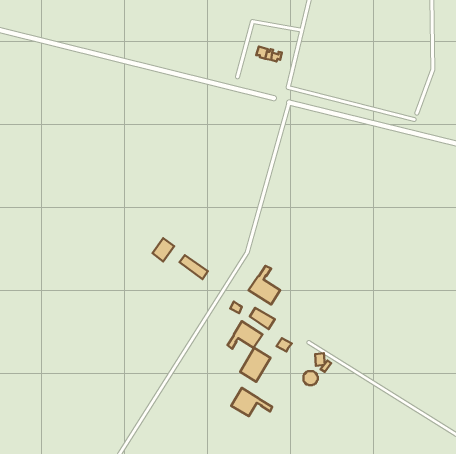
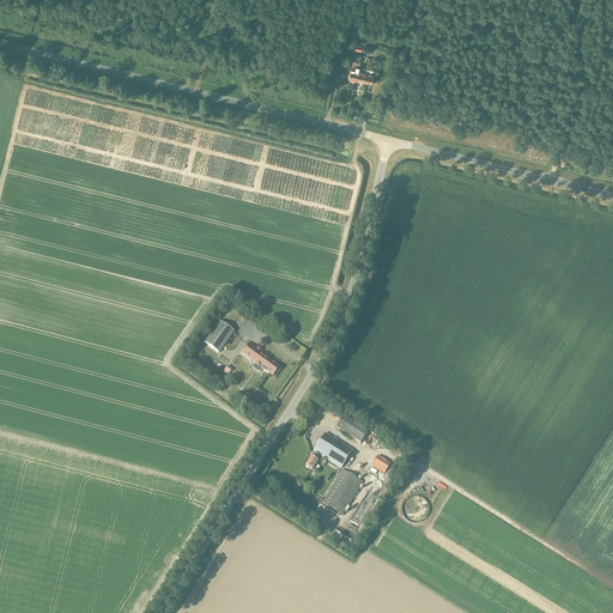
building: [248,266,280,305] -> none
building: [231,388,272,416] -> none

